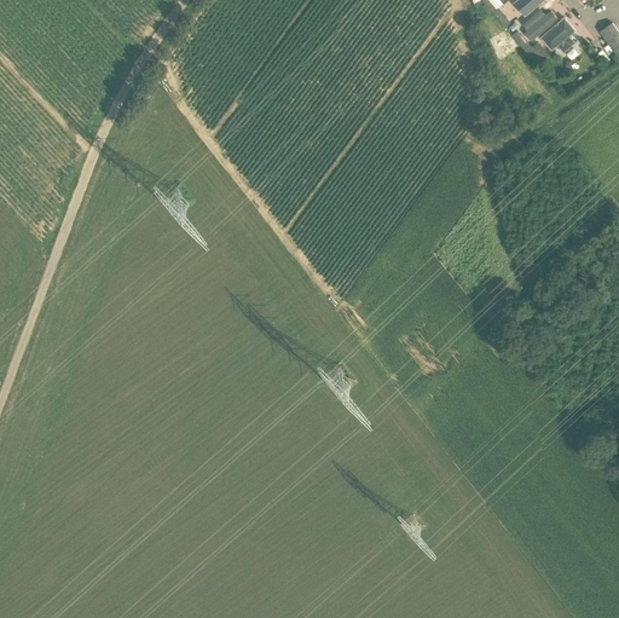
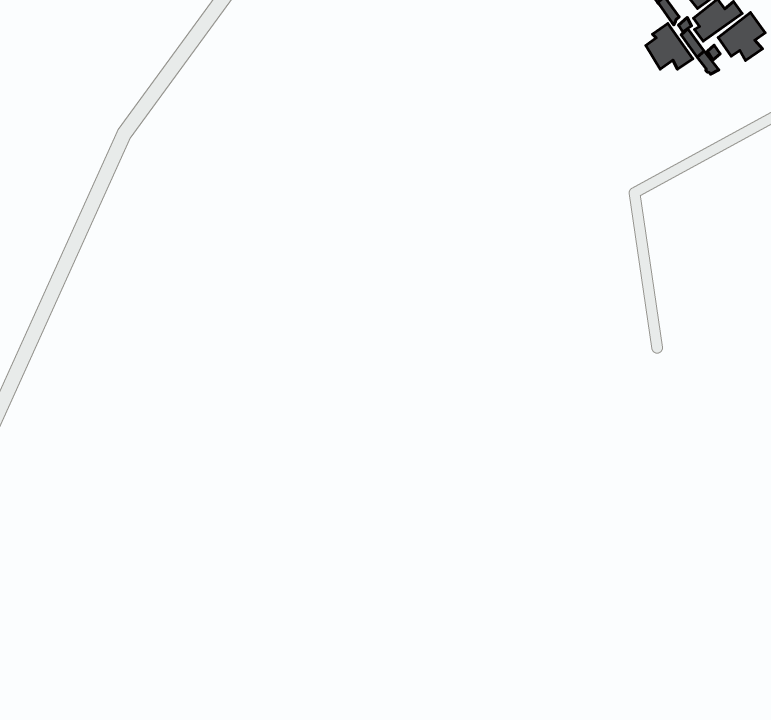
building: none -> [646,24,693,69]

